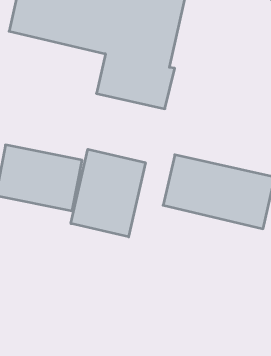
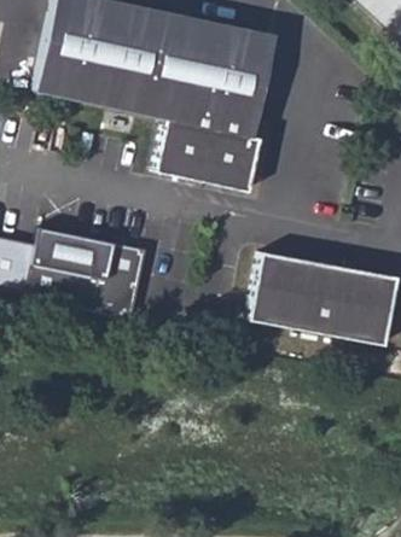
building: [71,149,145,237] -> none

